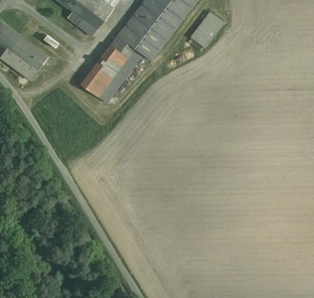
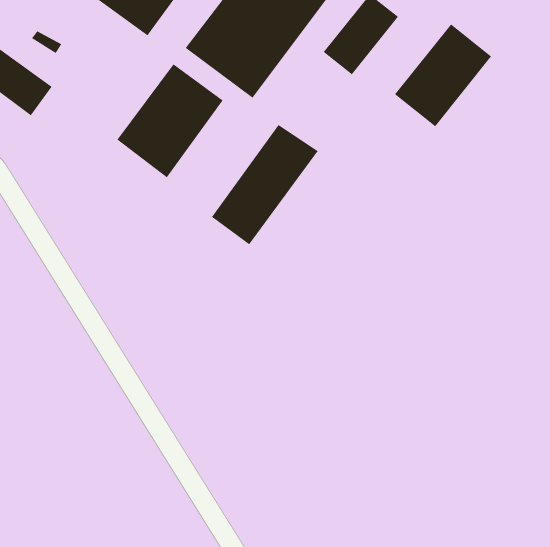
building: none -> [394,23,492,127]
building: none -> [211,124,318,245]

